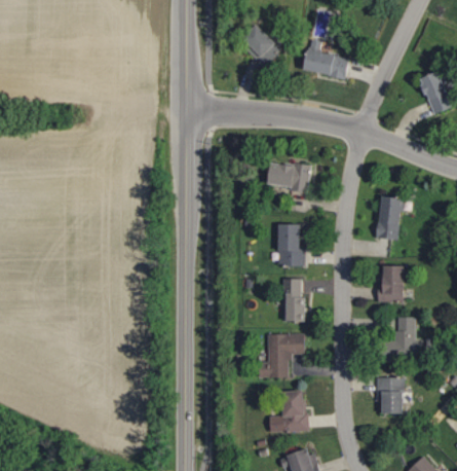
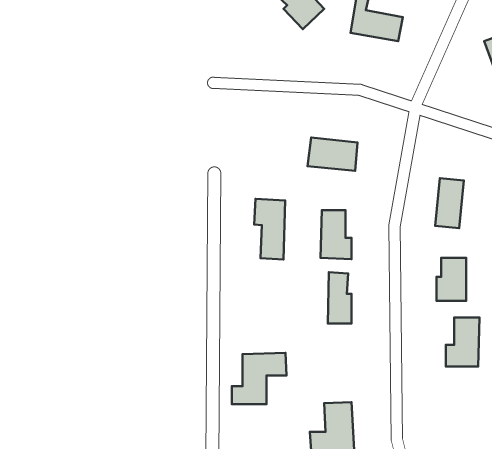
building: none -> [254,199,285,260]
building: [258,333,305,377] -> [232,353,287,404]
building: [376,377,404,413] -> none

